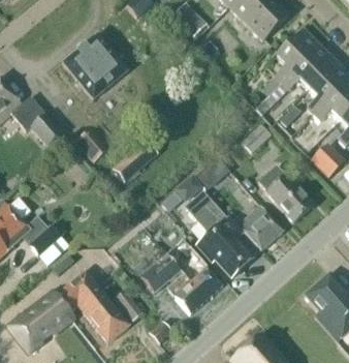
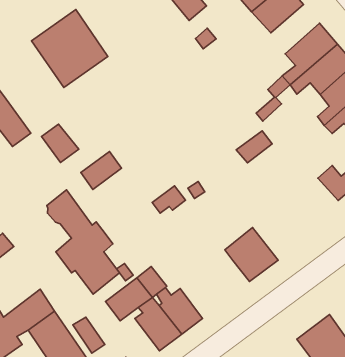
building: [257,164,312,221] -> none
building: [187,190,252,276] -> [47,190,119,294]

